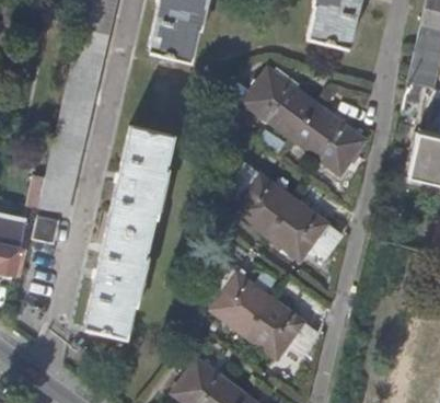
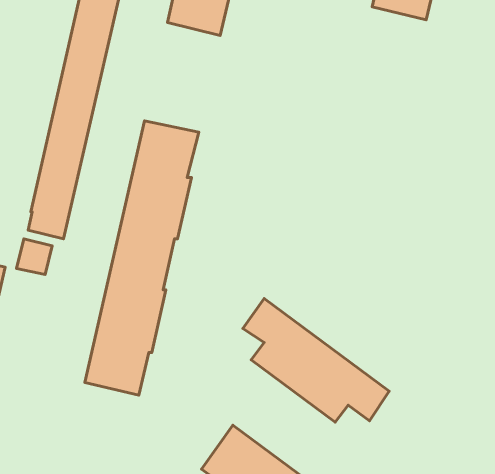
building: [246,69,367,173] -> none
building: [231,164,344,258] -> none

